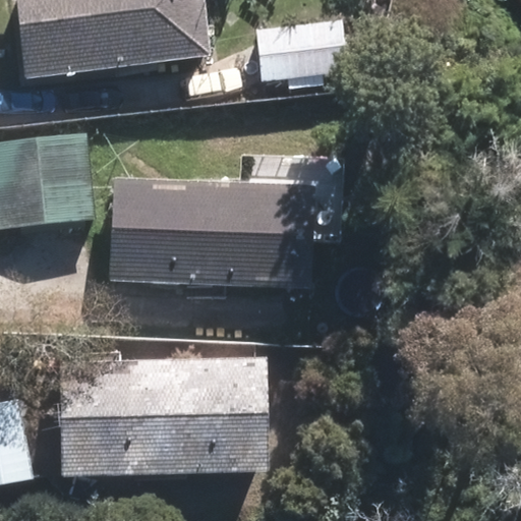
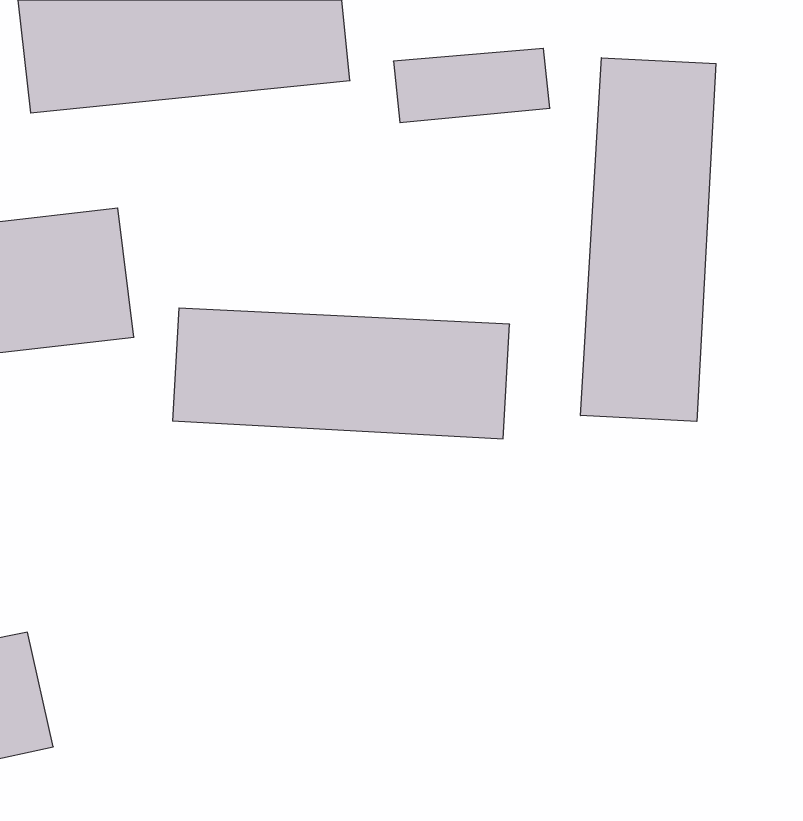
building: none -> [581,58,716,421]
building: [62,366,274,467] -> none

